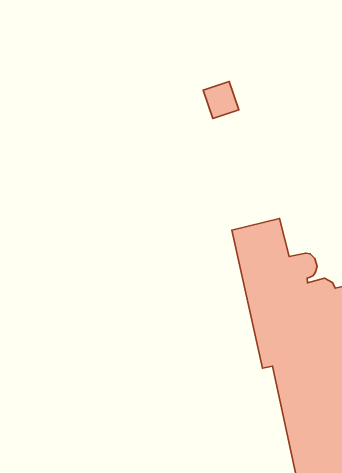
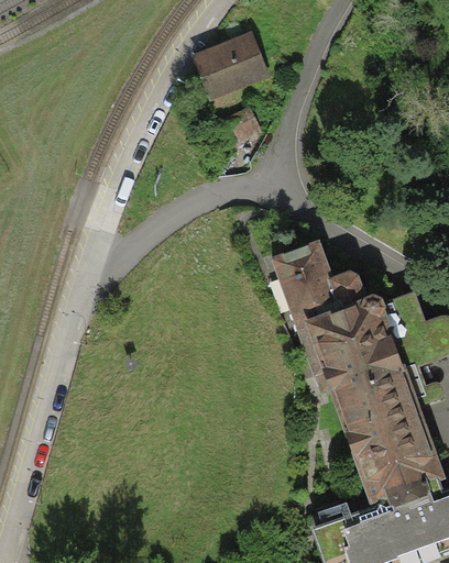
building: none -> [193,32,271,100]

